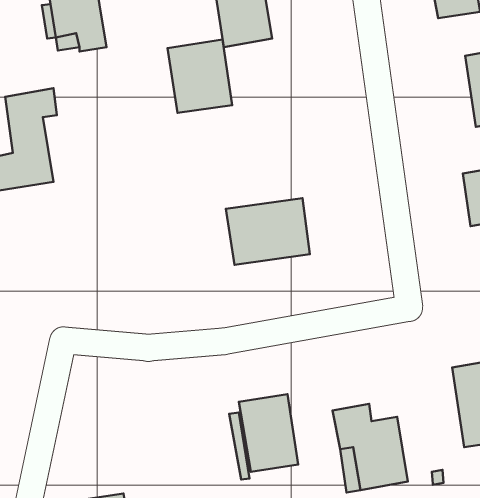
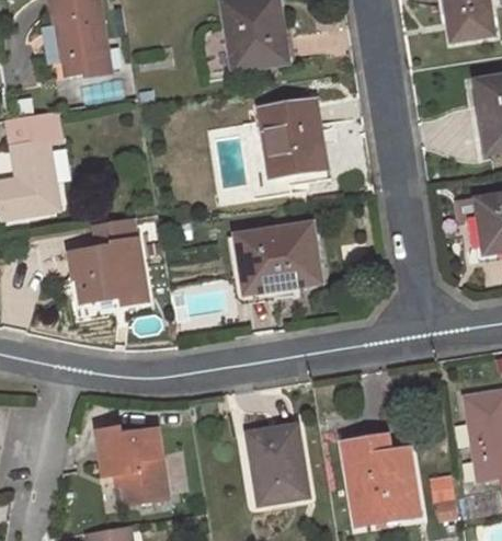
building: [168,39,232,113] -> [260,101,326,175]
building: none -> [71,219,148,302]
building: none -> [95,427,168,499]

